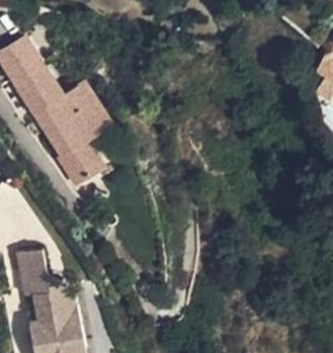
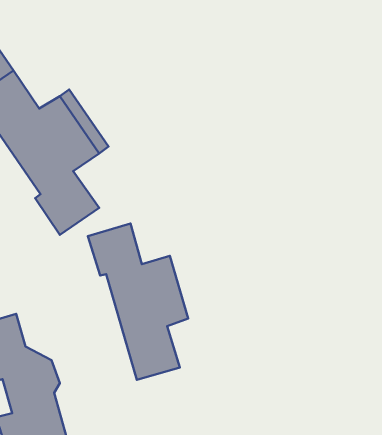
building: none -> [88,224,188,380]

